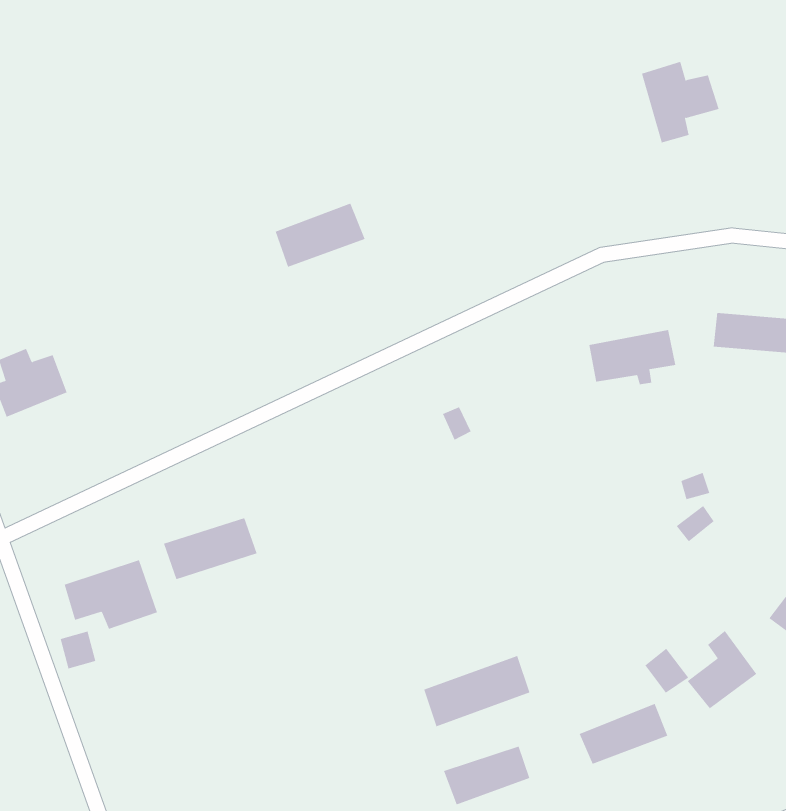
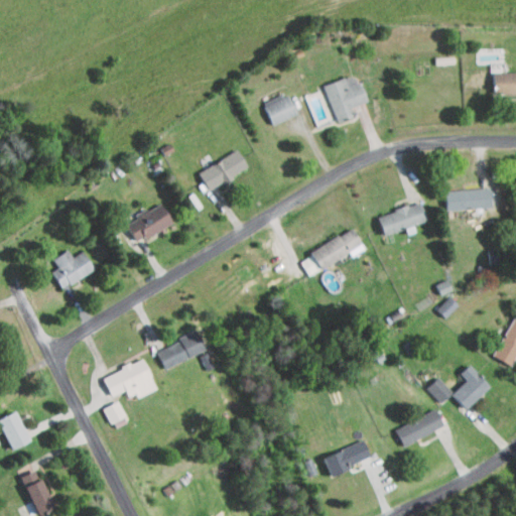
building: [641,61,720,143] -> [325,78,370,124]
building: none -> [265,93,298,126]
building: none -> [127,205,173,242]
building: none -> [312,228,366,270]
building: [424,655,530,727] -> none

